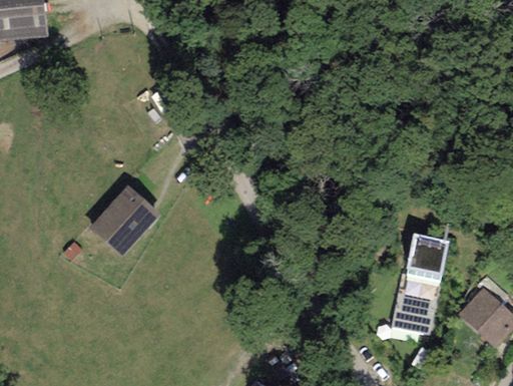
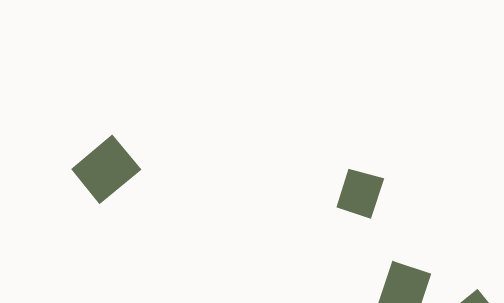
building: [405,235,448,280] -> [335,168,385,220]

